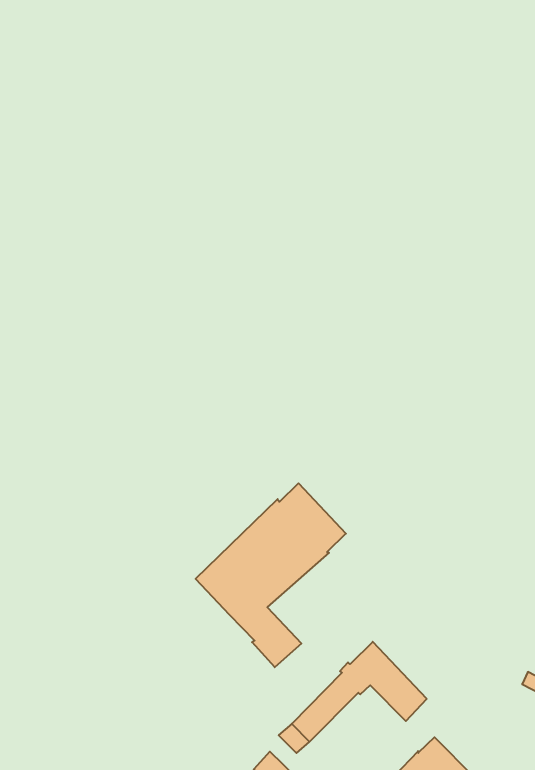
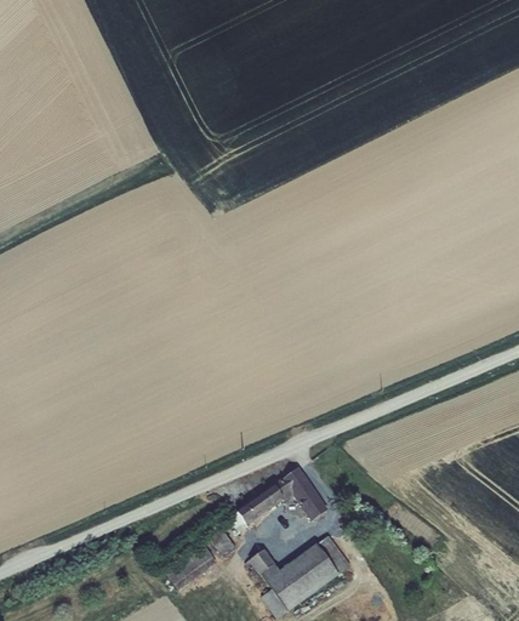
building: [196,483,346,667] -> none

